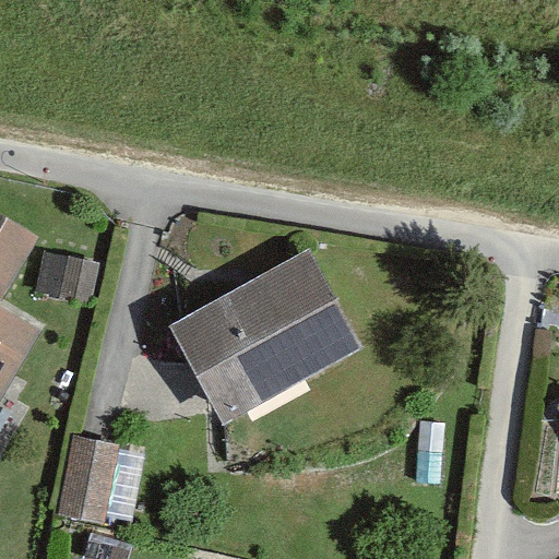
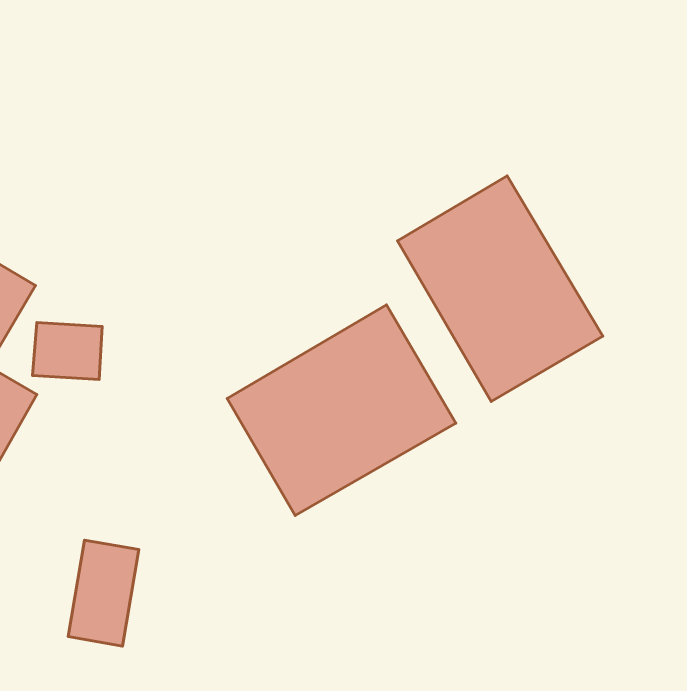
building: none -> [397,176,603,402]

